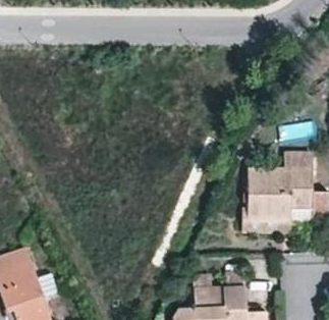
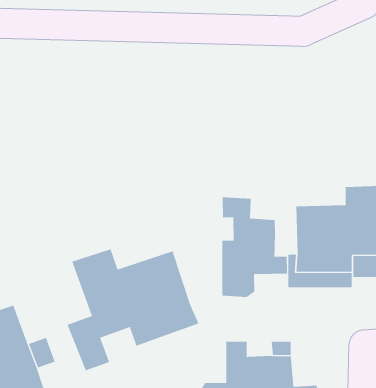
building: none -> [222,197,288,298]
building: none -> [67,249,199,371]

